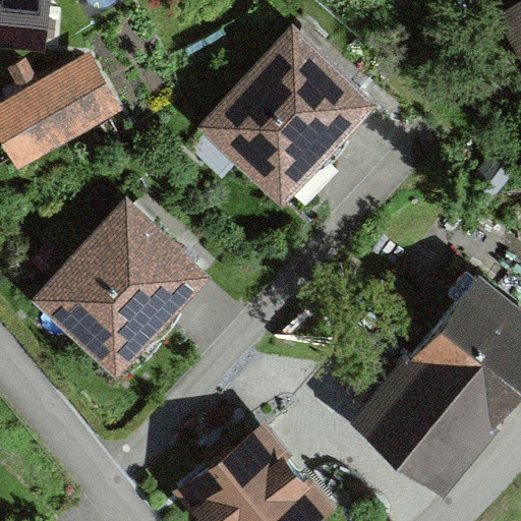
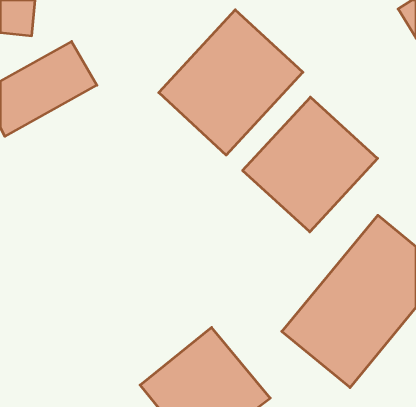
building: none -> [243,97,378,232]
building: [33,195,213,375] -> none

